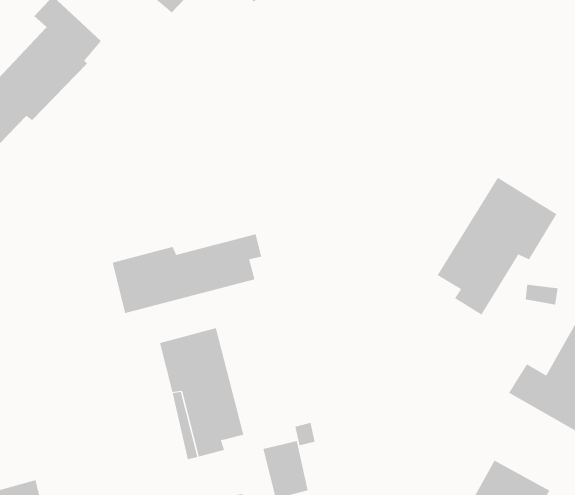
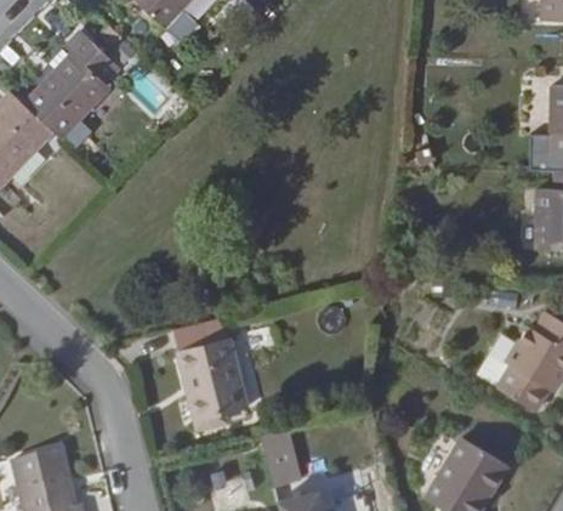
building: [437,177,557,315] -> none
building: [112,233,262,314] -> none

